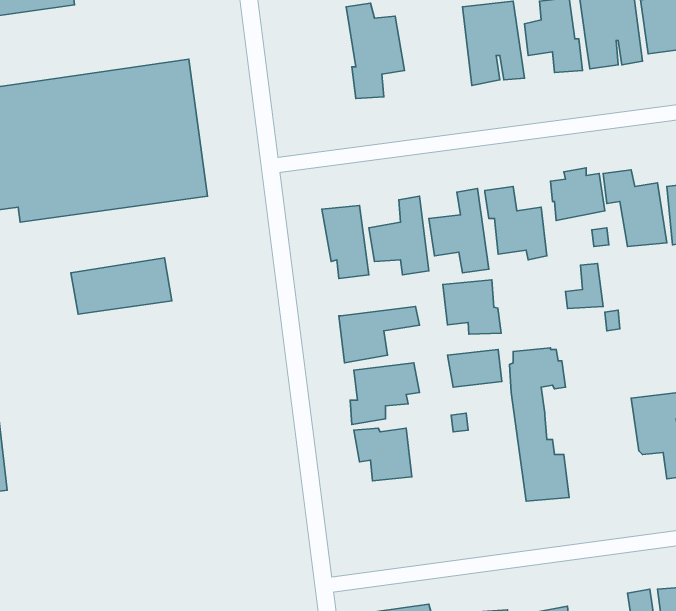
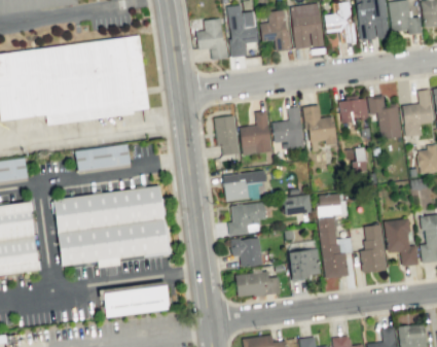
building: none -> [261,9,292,50]
building: none -> [197,18,228,59]
building: [443,280,501,334] -> none
building: none -> [54,186,171,270]
building: none -> [360,223,387,272]
building: none -> [289,248,321,280]
building: none -> [235,271,281,296]
building: none -> [100,284,170,316]

